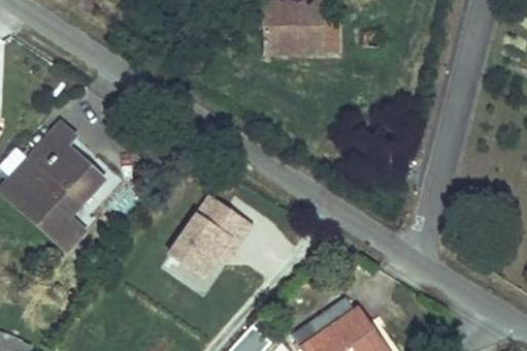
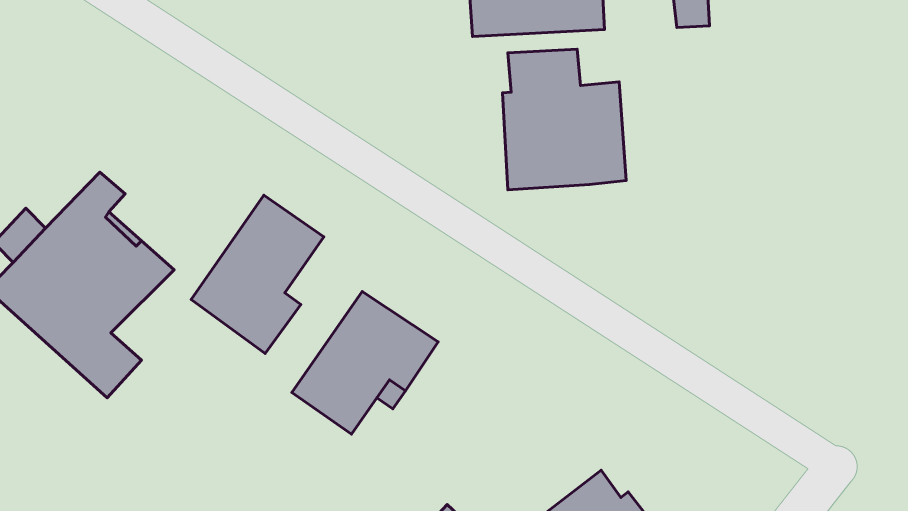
building: none -> [502,49,626,190]
building: none -> [191,195,324,353]

